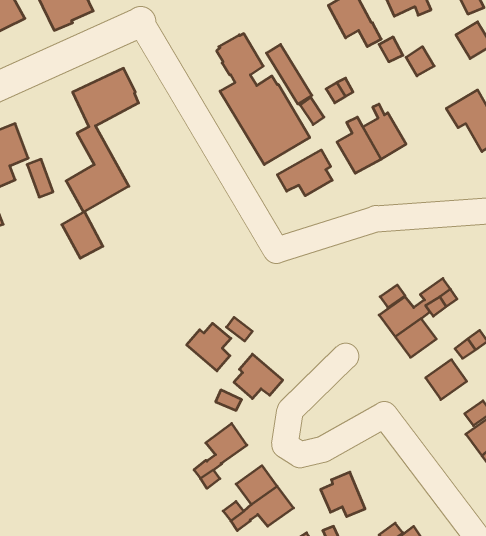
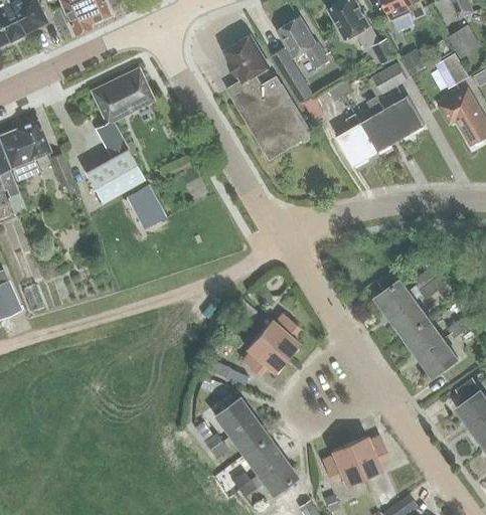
building: none -> [277,17,328,68]
building: none -> [434,53,468,90]
building: none -> [366,62,407,98]
building: none -> [383,96,425,139]
building: [277,150,332,196] -> none
building: [62,212,103,258] -> [126,185,164,228]
building: [187,323,231,371] -> [258,314,299,358]
building: none -> [404,320,443,356]
building: none -> [228,418,267,455]
building: none -> [348,436,387,478]

